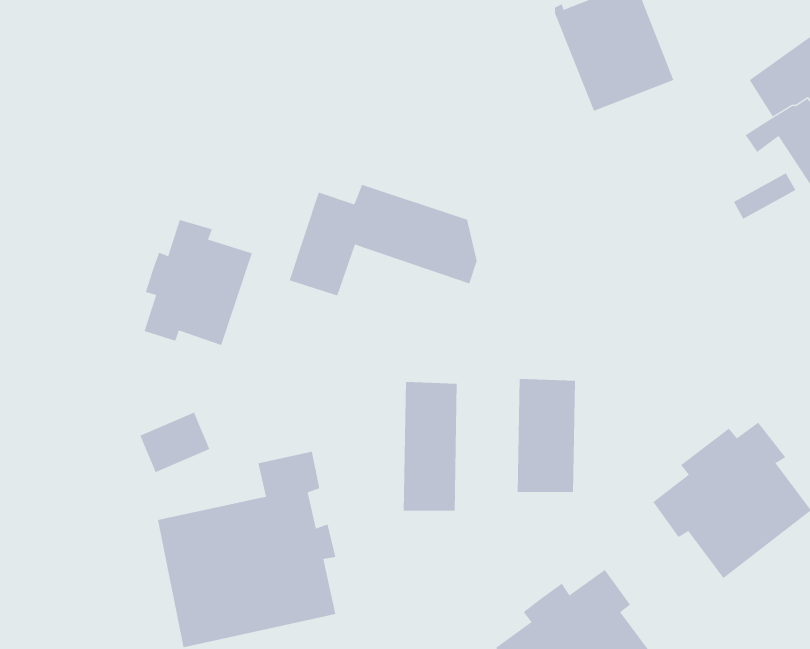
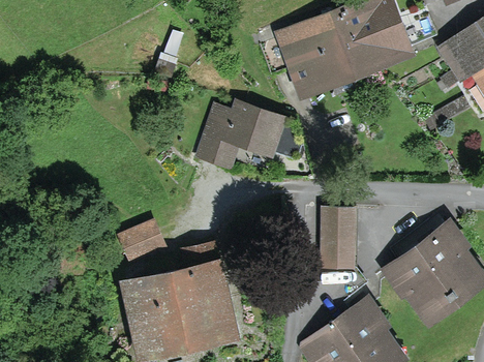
building: none -> [262,14,362,89]
building: [144,219,253,346] -> none
building: [403,381,457,512] -> none

